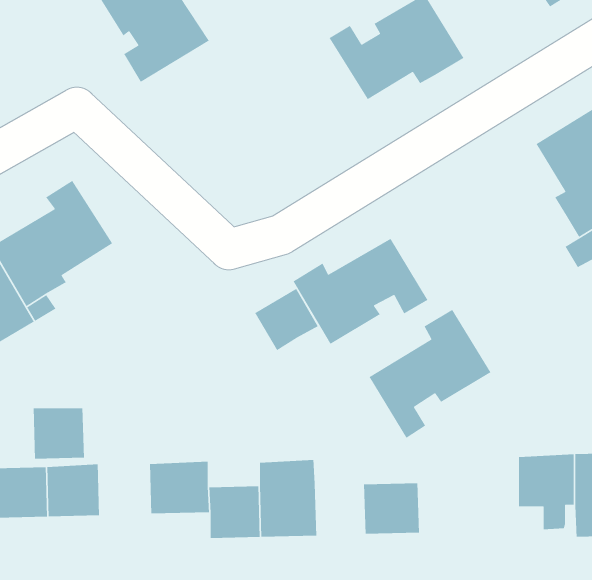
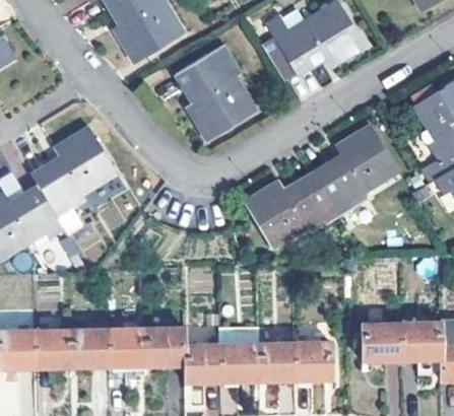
building: none -> [176,44,257,140]
building: [254,288,319,351] -> none
building: [368,309,491,439] -> [312,123,398,214]
building: [33,407,85,460] -> [107,329,143,365]
building: none -> [362,324,401,360]
building: none -> [259,343,294,379]

